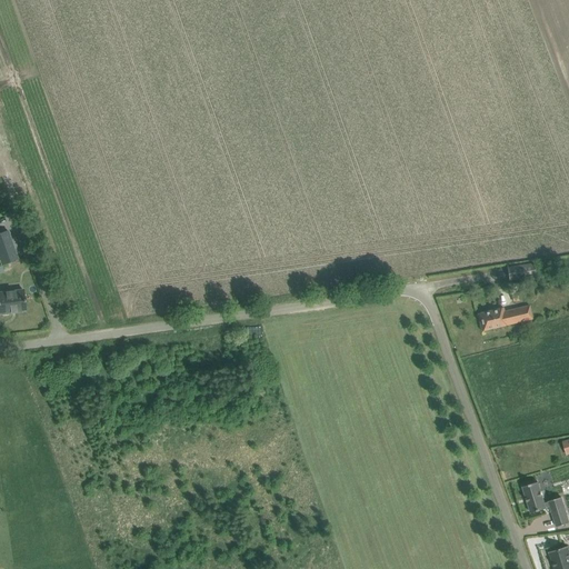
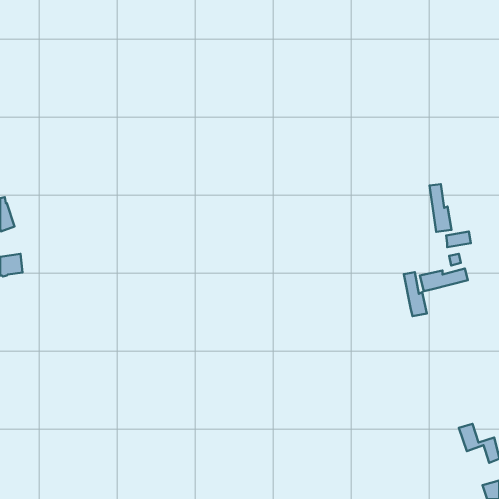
building: none -> [429,184,451,232]
building: none -> [404,272,427,316]

